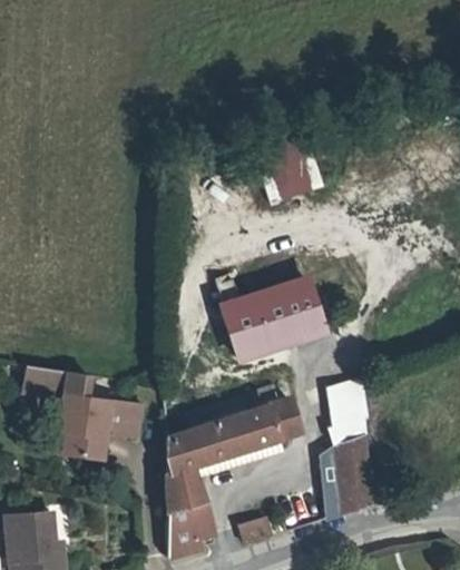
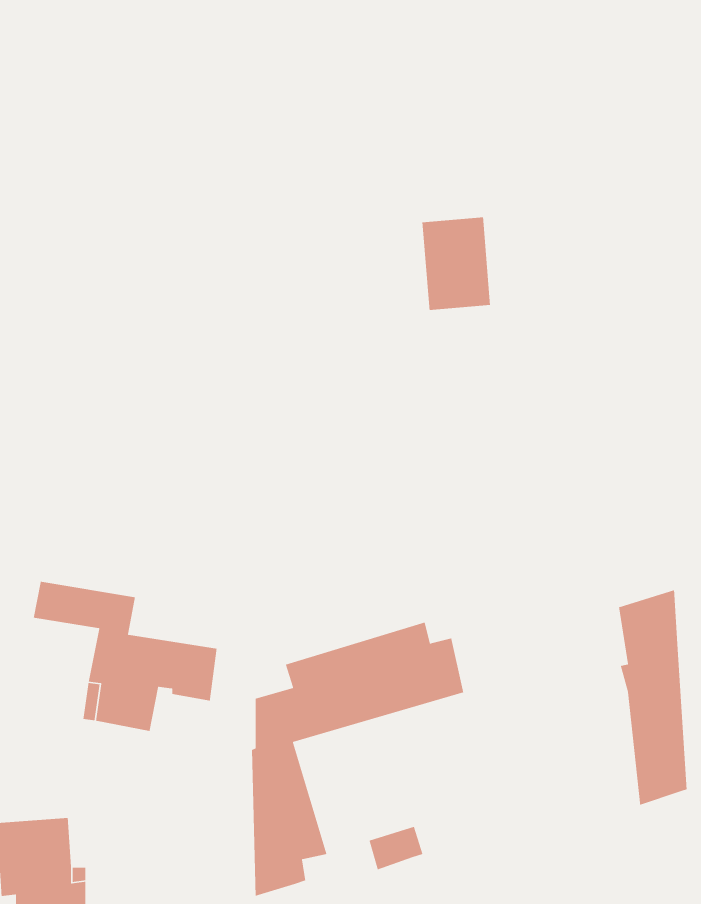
building: [226,281,329,360] -> none
building: [329,380,372,515] -> [618,589,687,806]

